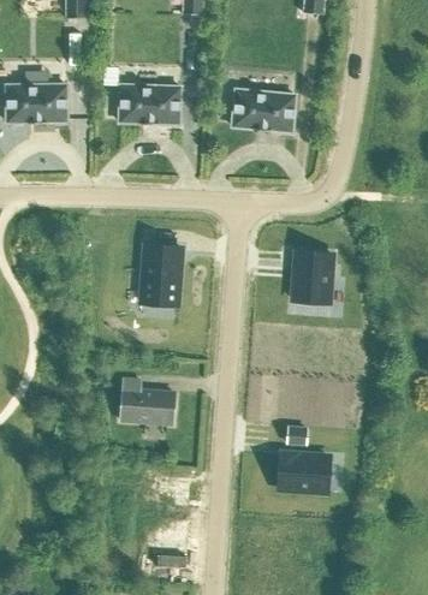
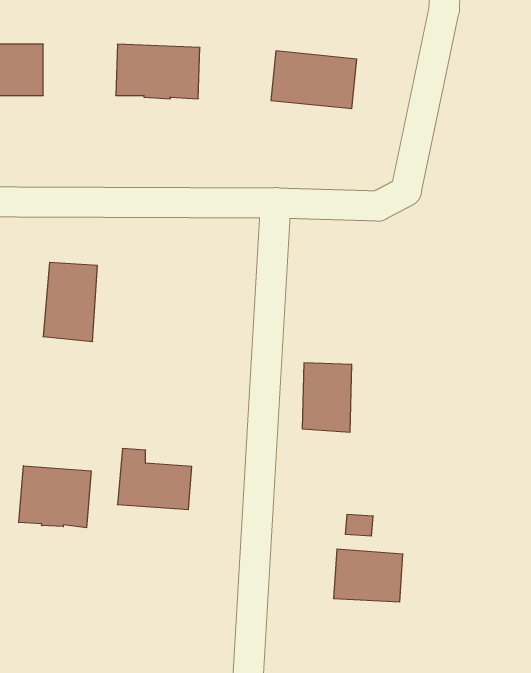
building: [139,246,179,304] -> [43,262,97,342]
building: [291,255,327,305] -> [302,363,352,432]
building: none -> [19,466,91,528]

